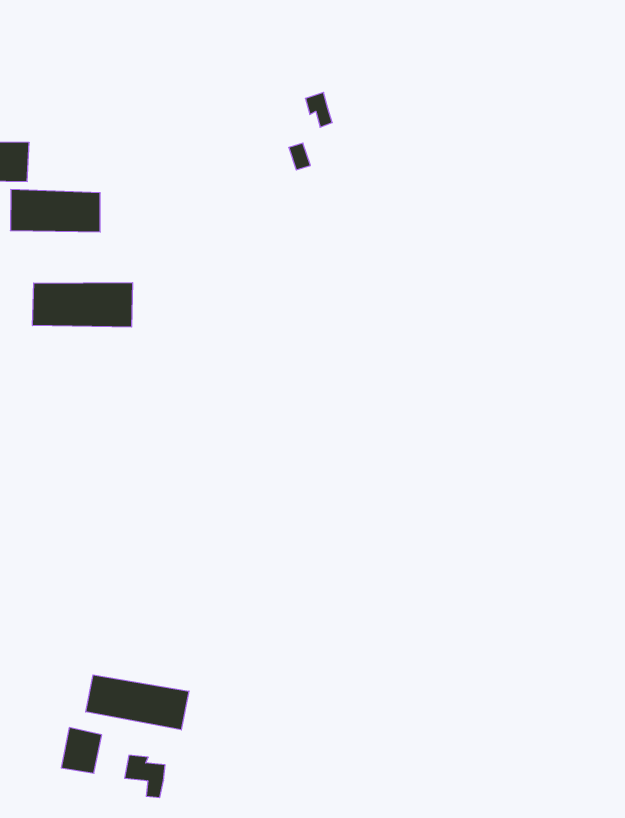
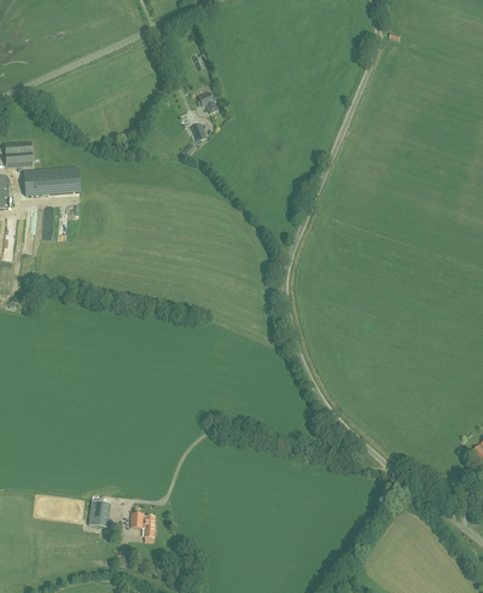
building: [33,283,133,327] -> none
building: [86,675,189,730] -> none

